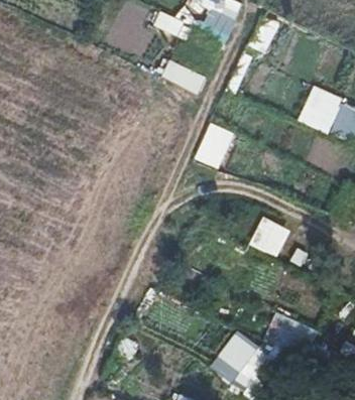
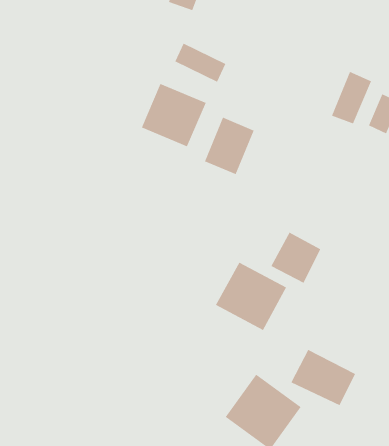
building: none -> [141,83,206,147]
building: none -> [215,262,287,331]

